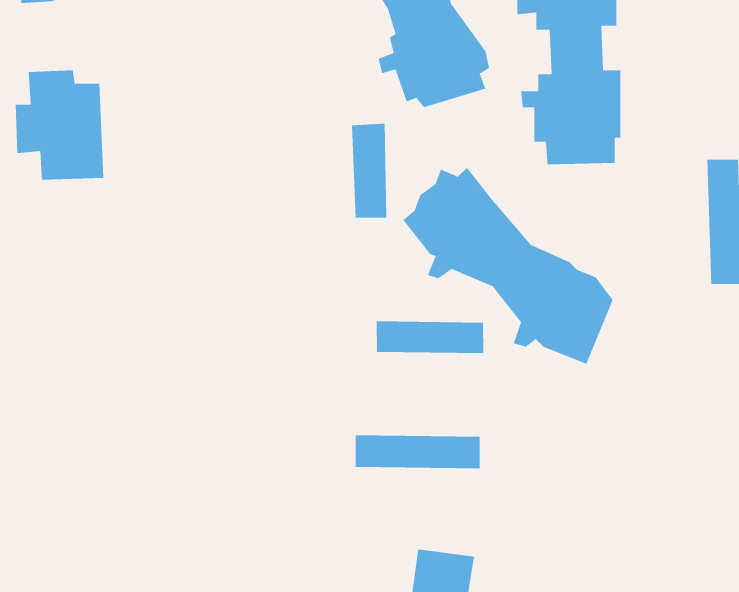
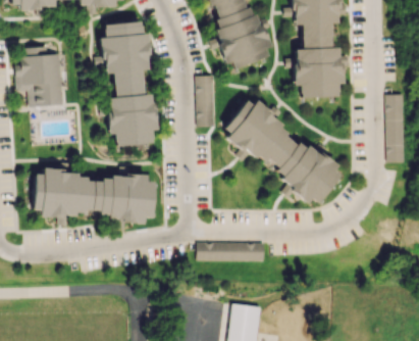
building: none -> [98,18,160,150]
building: none -> [31,166,158,226]
building: [376,321,484,354] -> none

